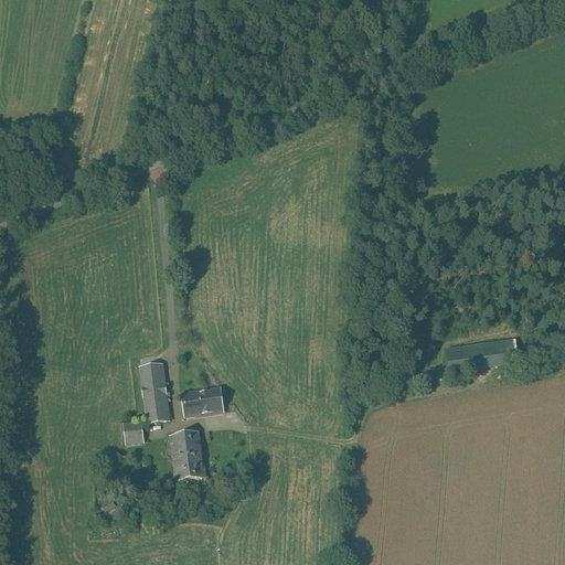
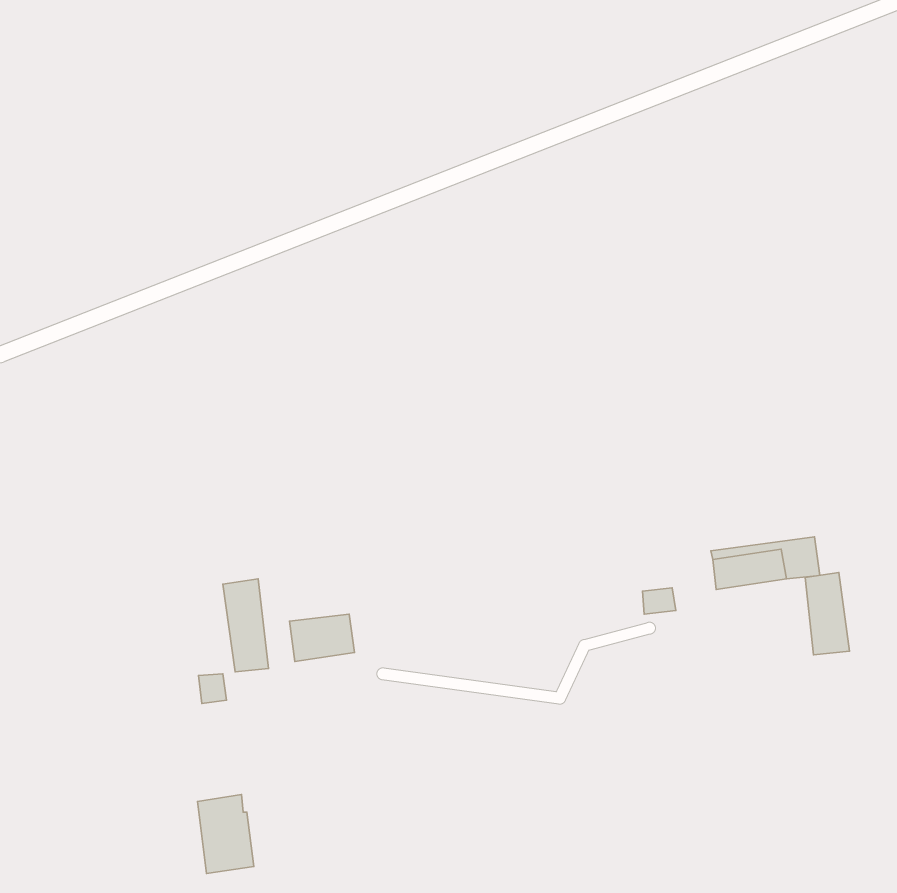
building: none -> [805,573,850,655]
building: [170,431,205,481] -> [198,795,254,874]

